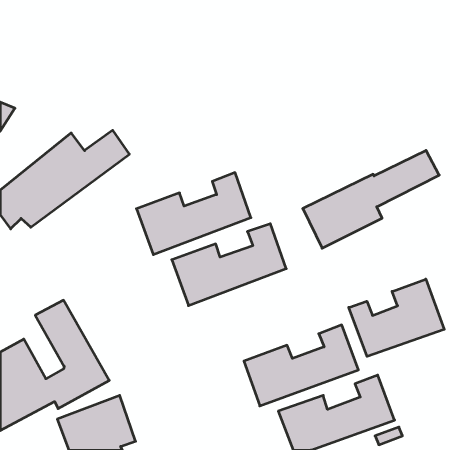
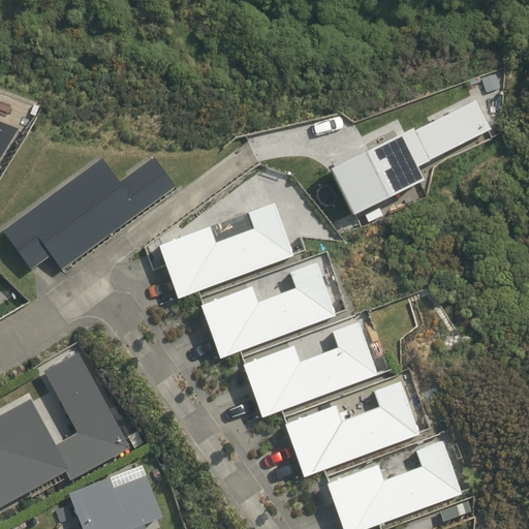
building: [303,150,439,248] -> [332,101,492,216]
building: none -> [244,321,378,417]
building: [349,279,444,356] -> none

